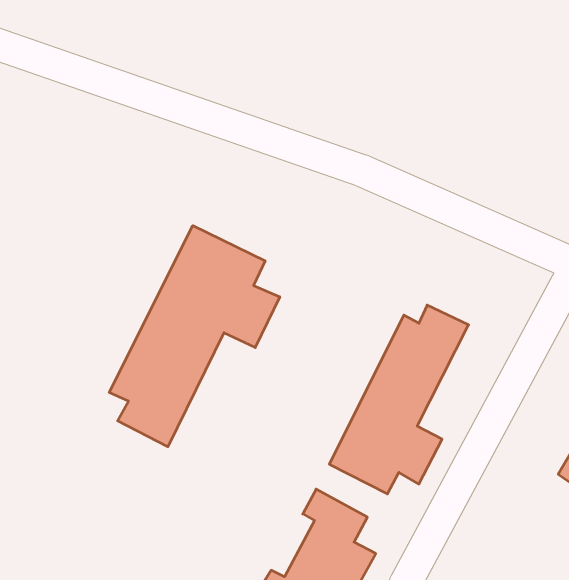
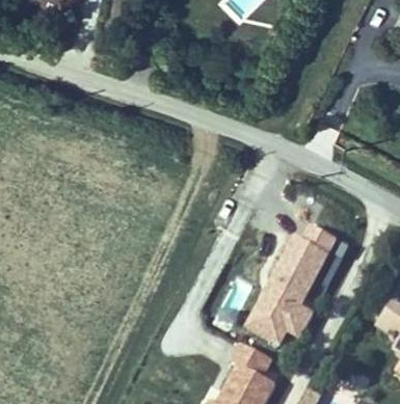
building: [109,226,280,447] -> none

